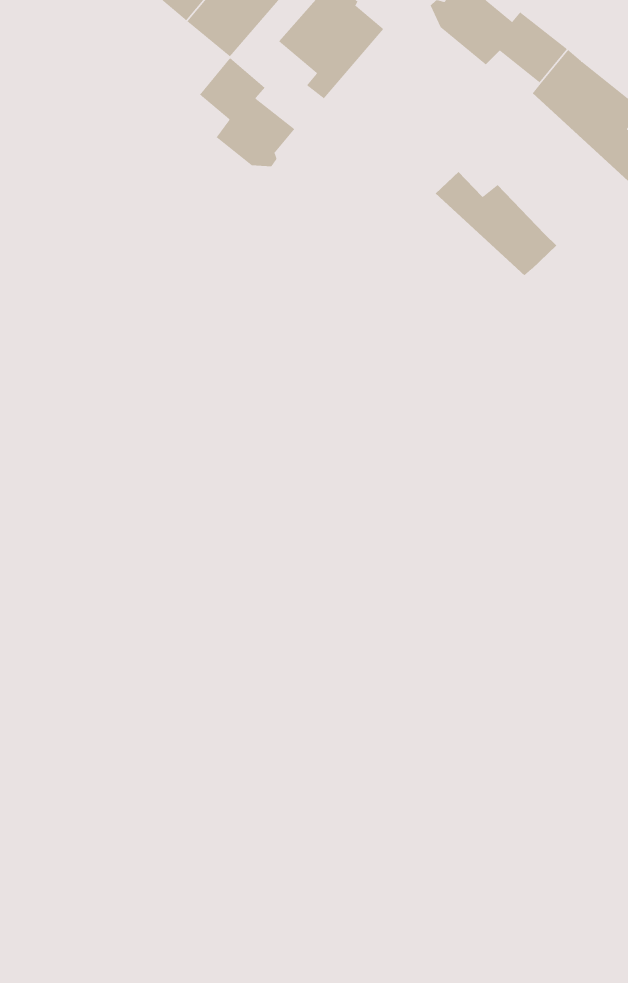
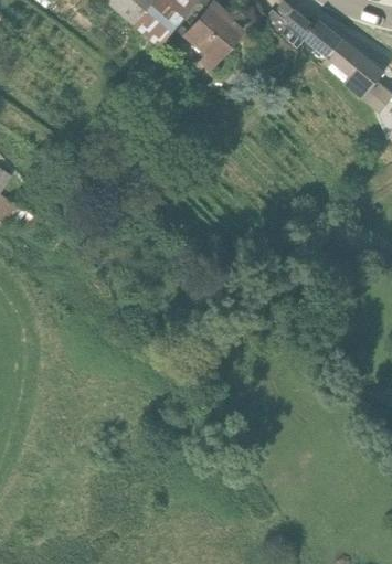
building: [199,57,295,167] -> none
building: [435,171,557,276] -> none

